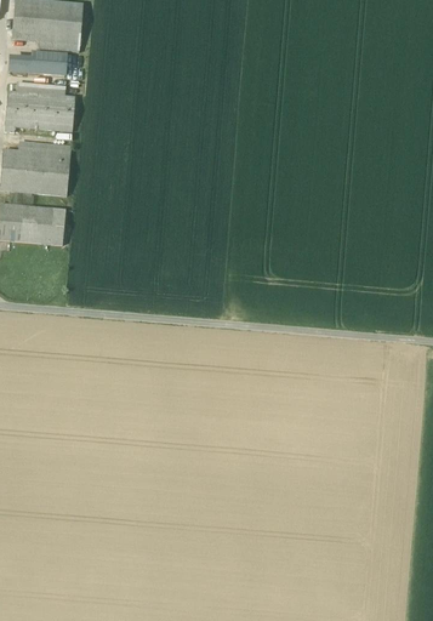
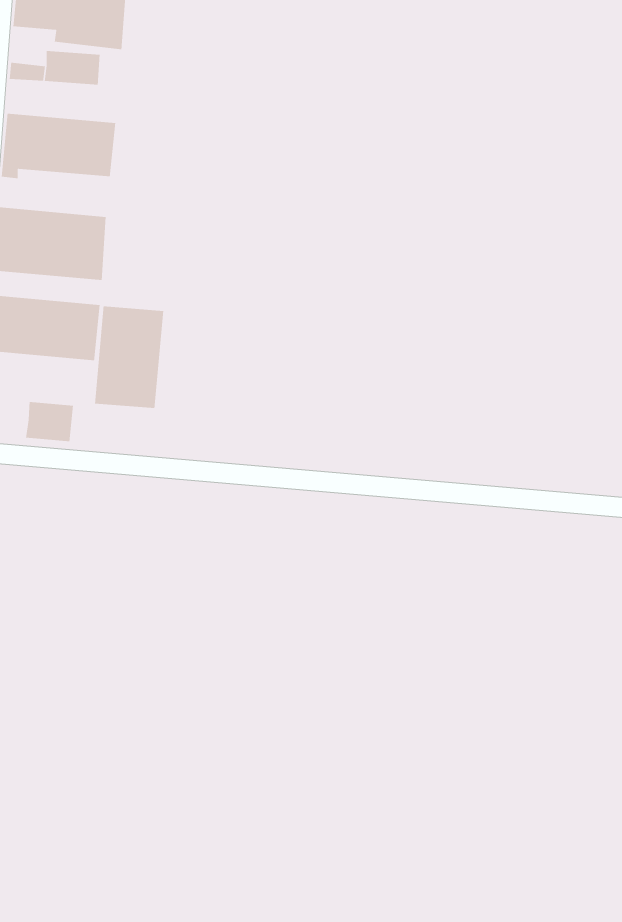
building: none -> [94,306,164,409]
building: none -> [25,401,74,442]

